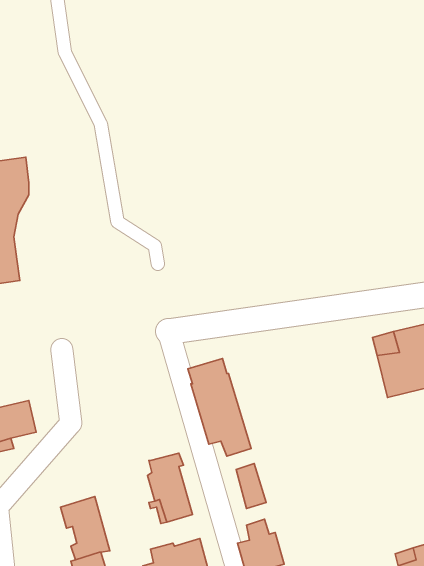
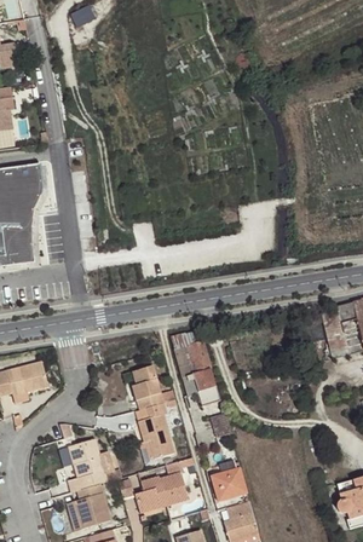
building: none -> [131,365,163,409]

